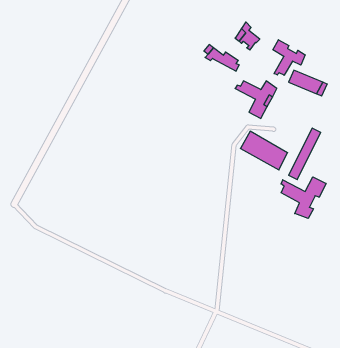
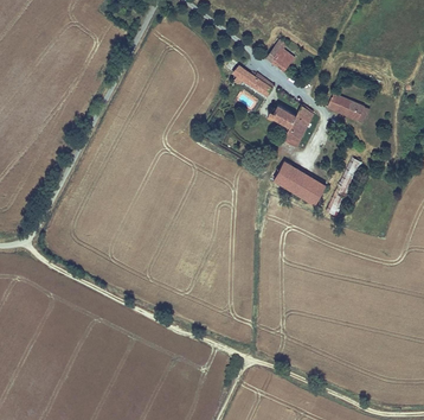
building: [273,40,305,75] -> none
building: [281,177,326,218] -> none

